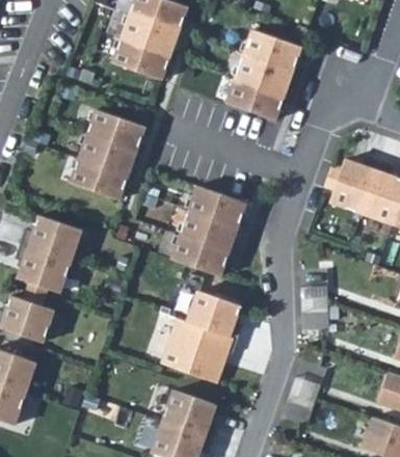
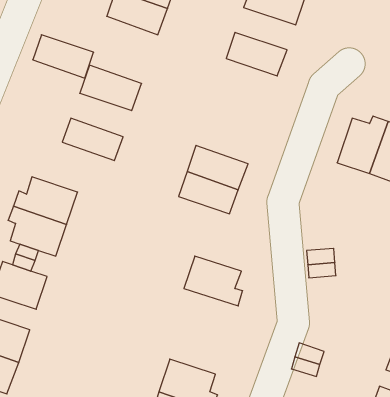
building: [234,53,292,93] -> none
building: [77,135,135,177] -> [33,35,94,78]
building: [170,234,229,275] -> none
building: [161,319,237,382] -> none

